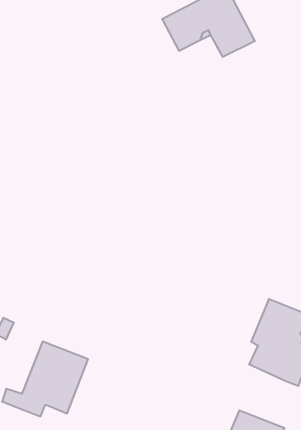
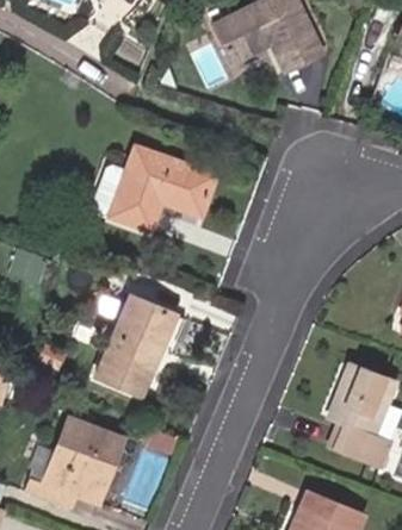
building: none -> [88,143,208,230]
building: none -> [100,299,177,397]

